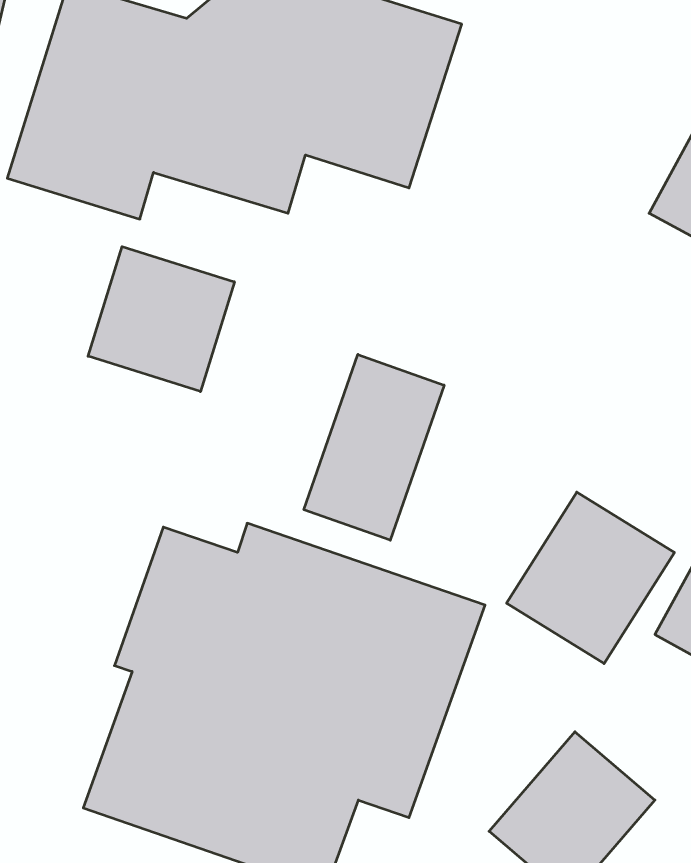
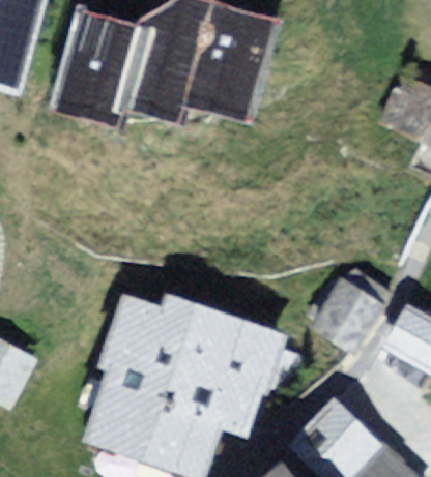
building: [88,247,234,392] -> none
building: [304,354,444,540] -> none

